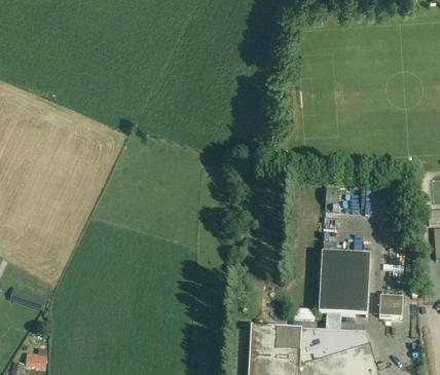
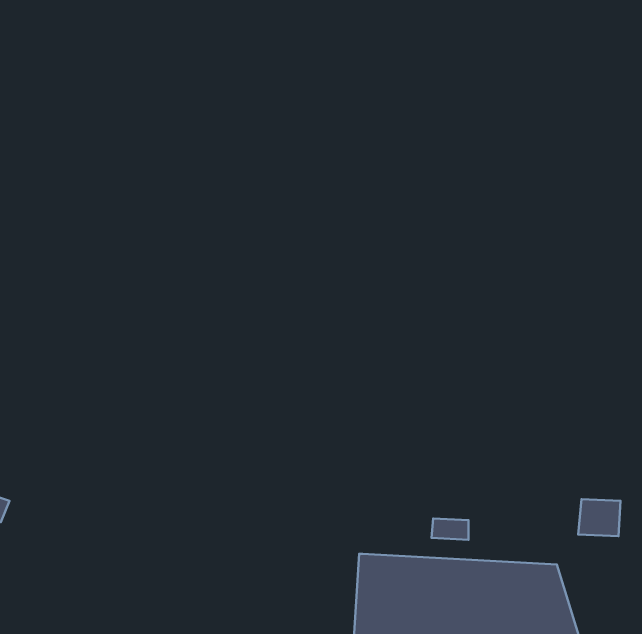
building: [318,253,370,315] -> none

